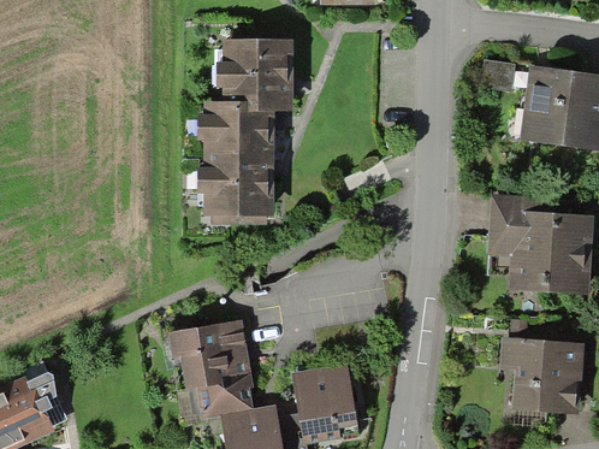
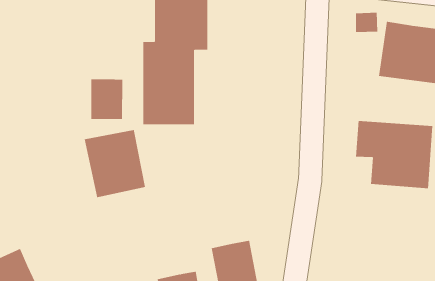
building: none -> [91,79,123,120]
building: [170,323,254,415] -> [84,129,146,198]
building: [505,339,582,412] -> none

